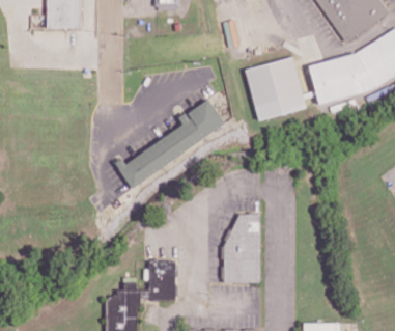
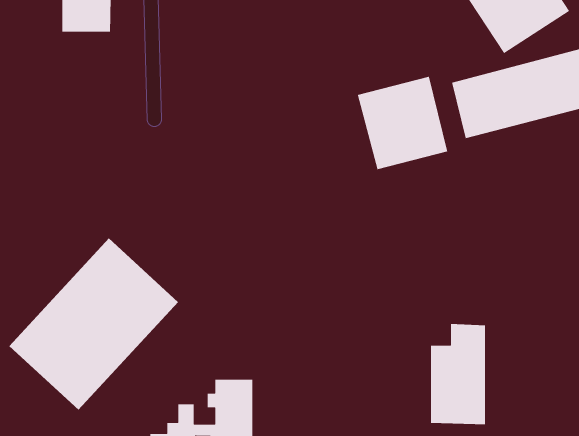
building: [115,100,225,188] -> none
building: none -> [8,238,179,411]
building: [223,215,260,283] -> [430,323,486,425]

